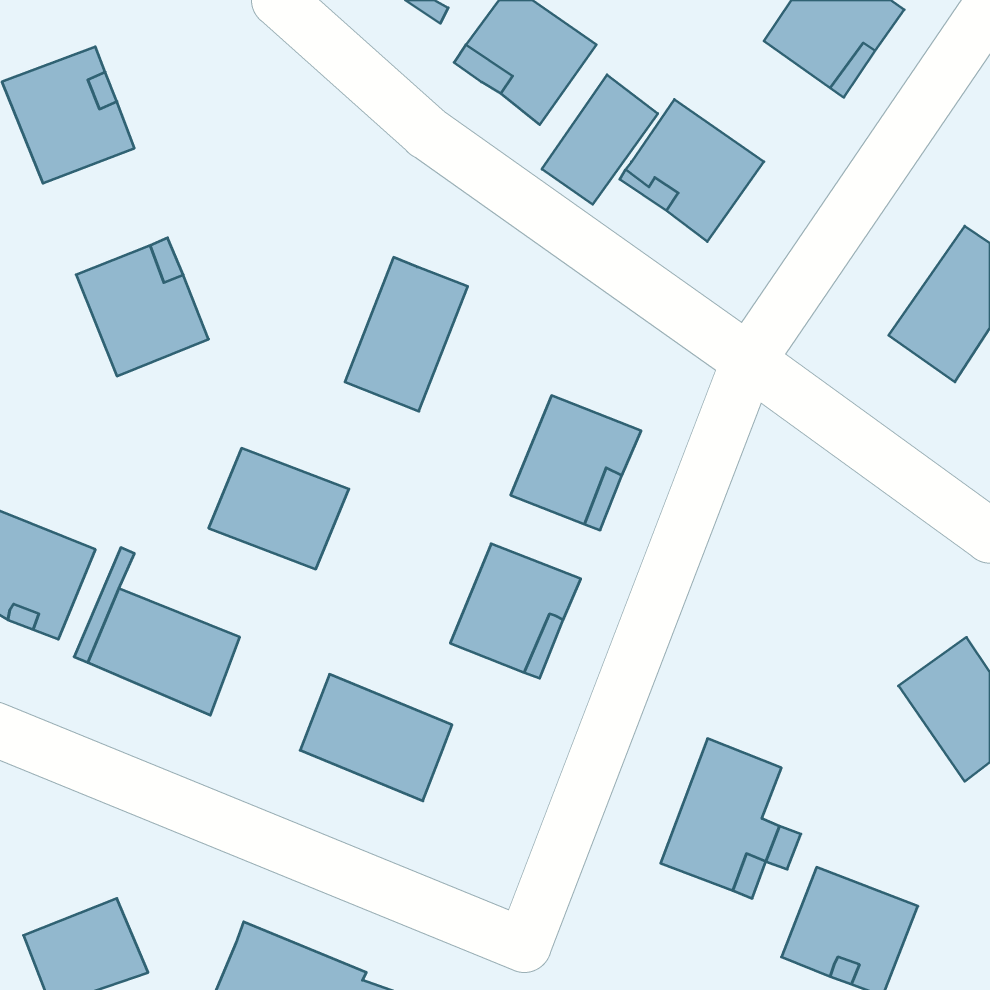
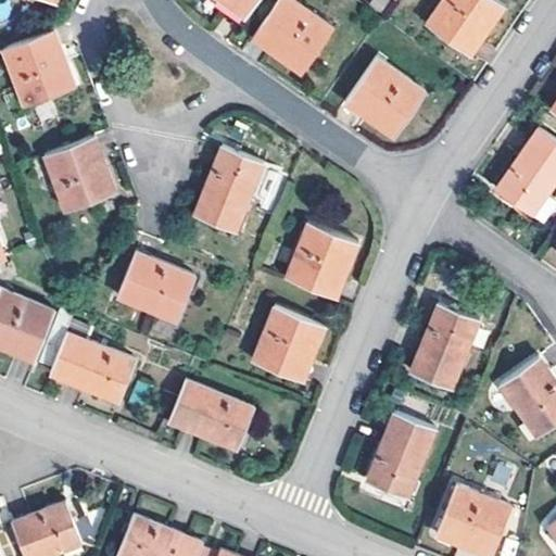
building: [542,75,658,204] -> none
building: none -> [410,304,479,391]

